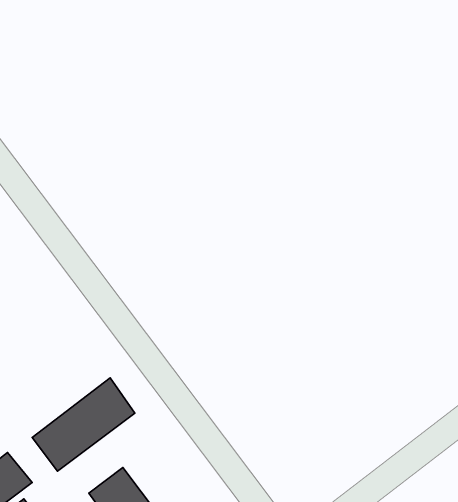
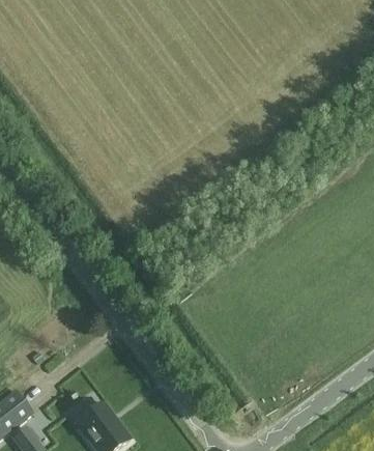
building: [32,378,135,471] -> none

